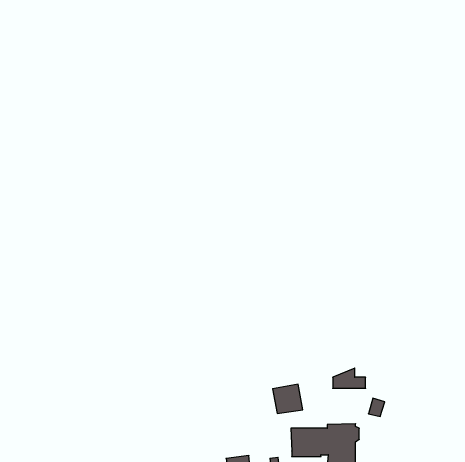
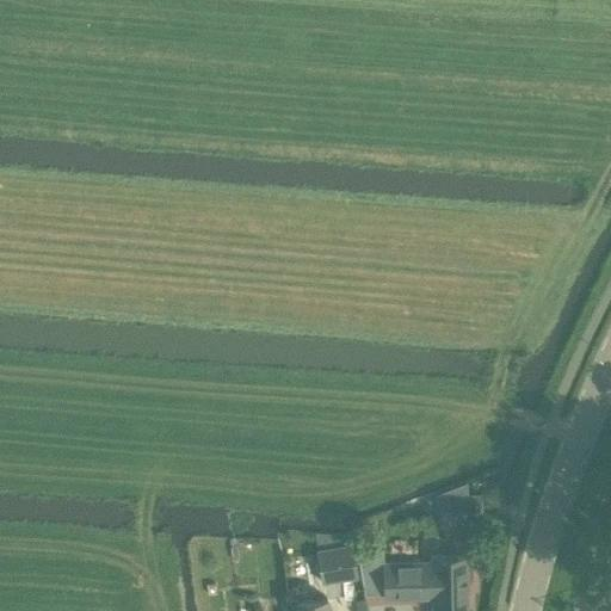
building: [273,384,303,413] -> [316,549,356,587]

